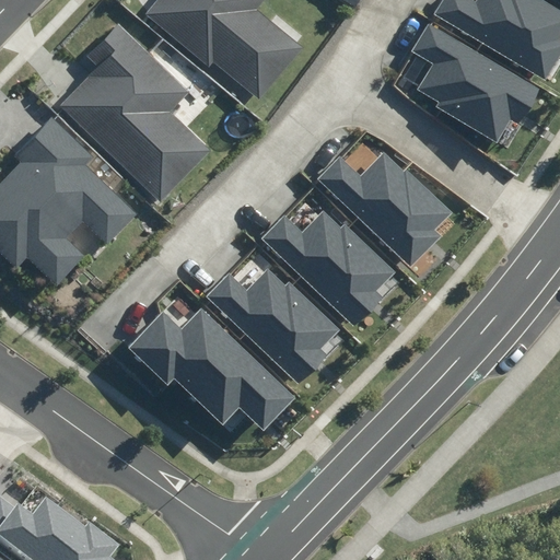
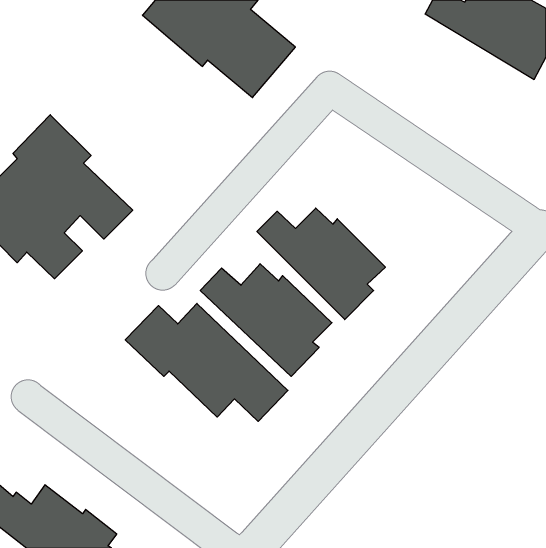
building: [411,24,539,142] -> none
building: [59,25,209,201] -> none
building: [314,153,451,267] -> none

